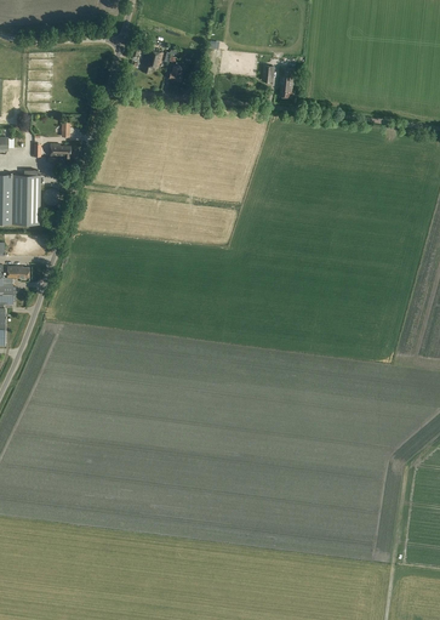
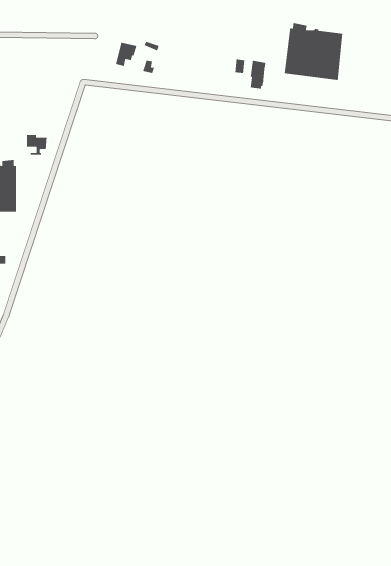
building: none -> [284,22,343,81]

